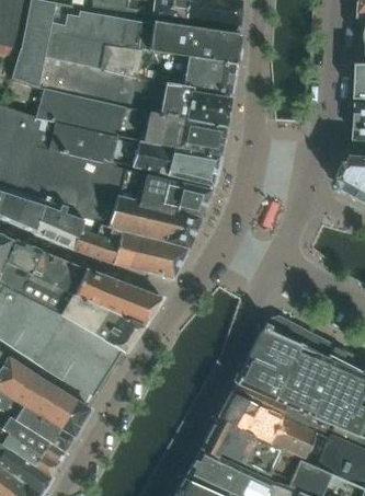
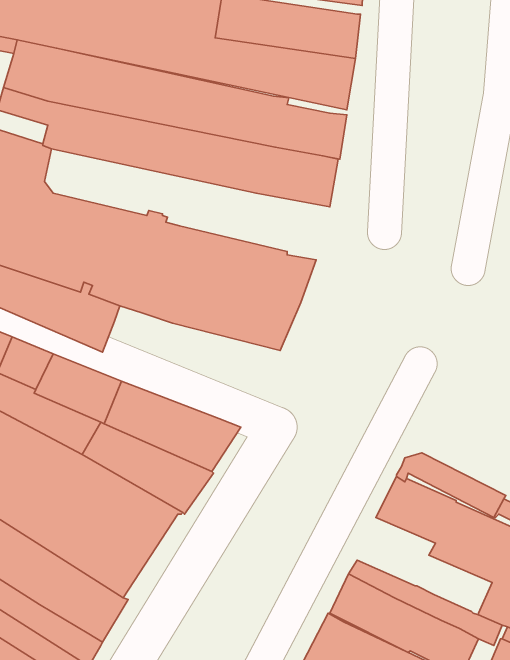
building: [37,119,220,186] -> none
building: [75,224,189,279] -> none
building: [235,356,324,417] -> none

